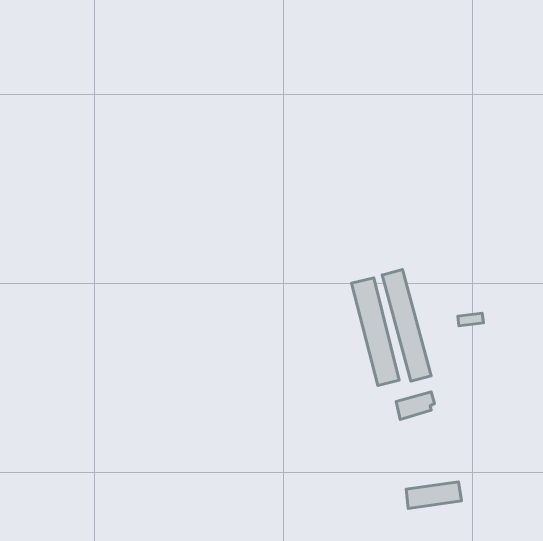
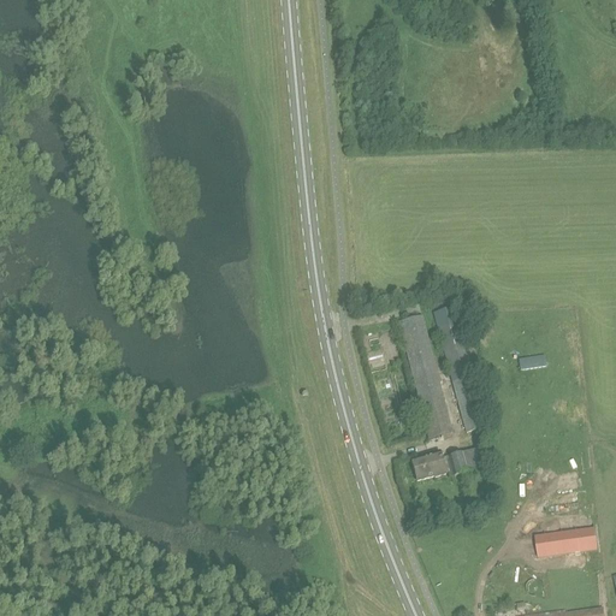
building: none -> [410,448,445,479]
building: [406,482,462,508] -> [535,526,598,556]

